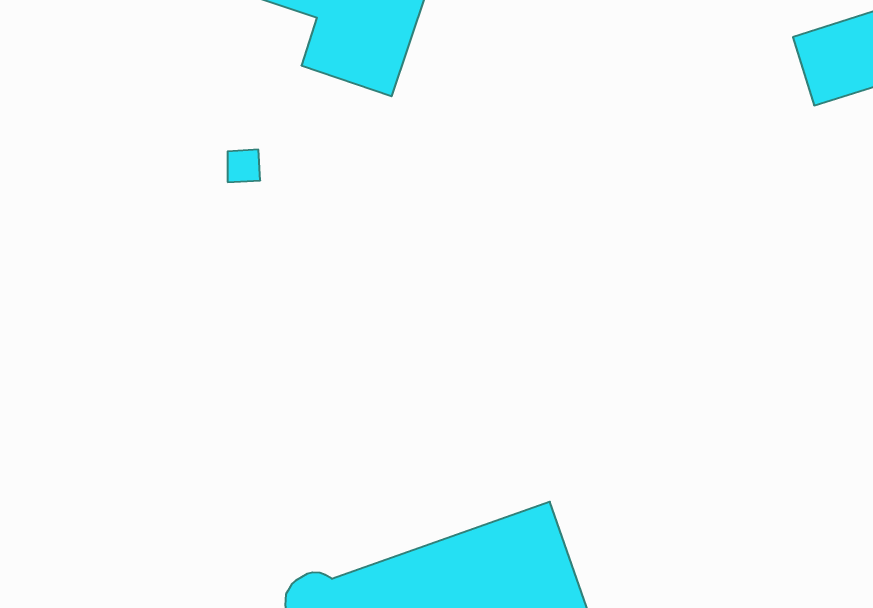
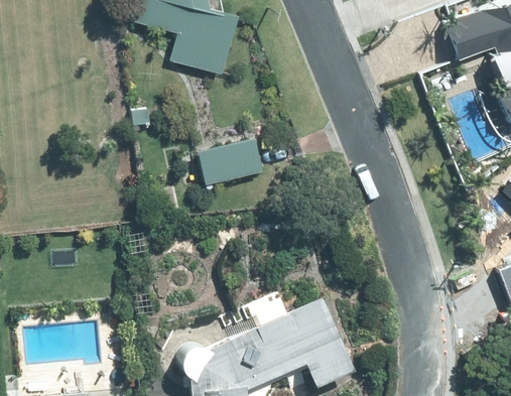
building: none -> [200,137,264,184]

